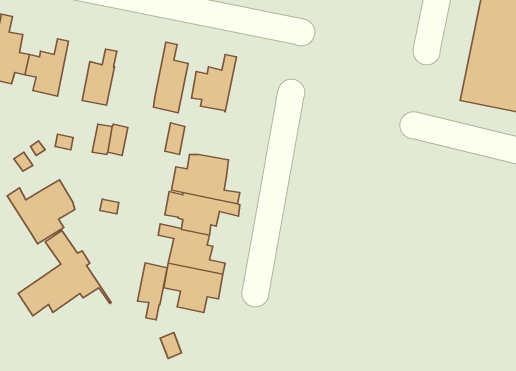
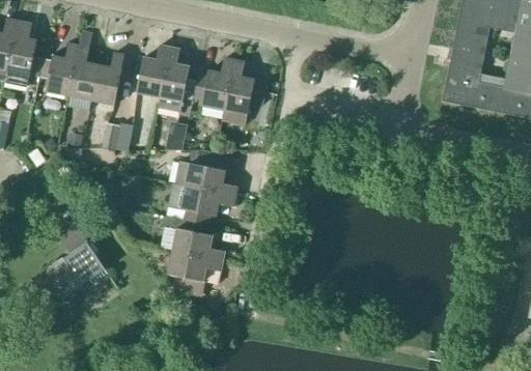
building: none -> [68,30,99,99]
building: none -> [136,44,169,96]
building: none -> [221,59,268,125]
building: [7,180,75,244] -> none
building: [137,263,167,320] -> none

